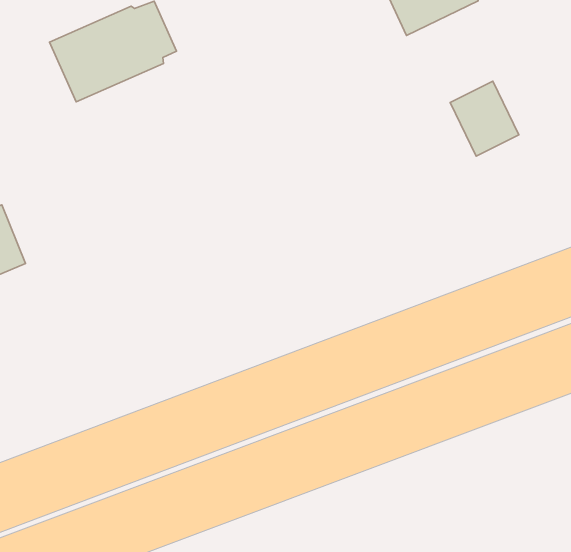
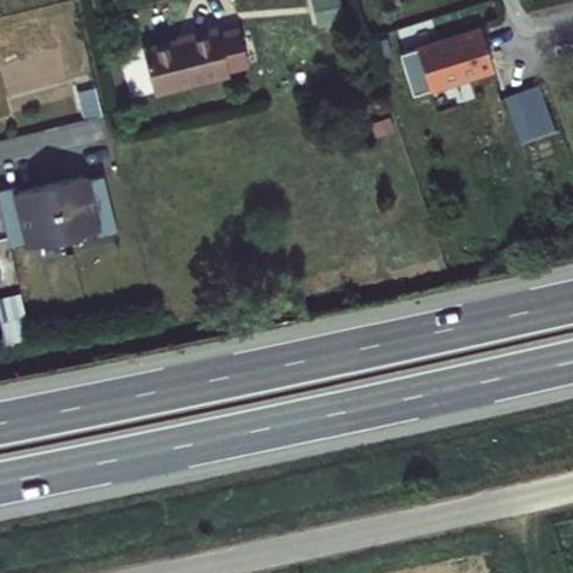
building: [450,81,519,156] -> [504,87,556,146]

